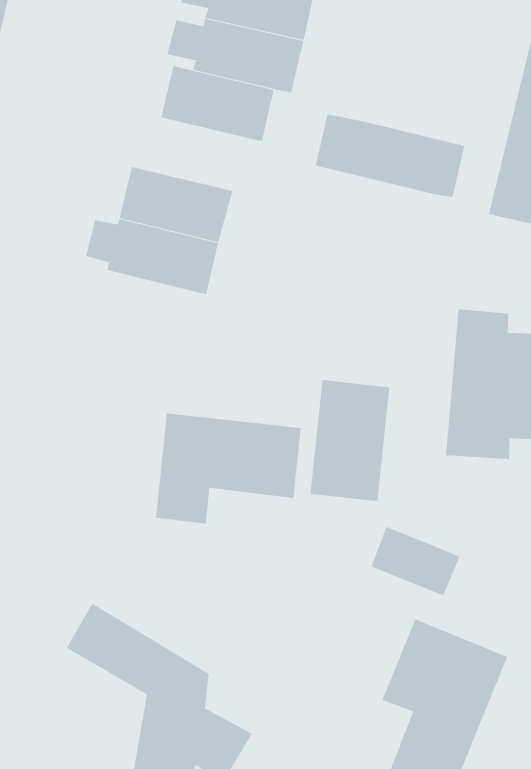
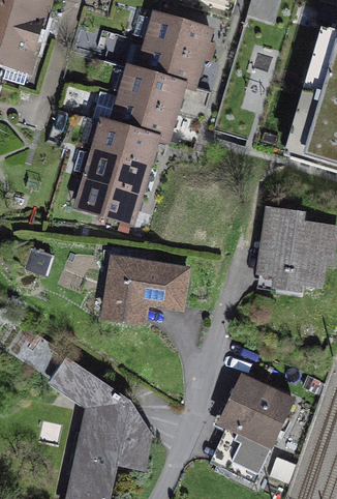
building: [315,114,465,198] -> [92,90,175,140]
building: none -> [78,177,140,222]
building: [310,379,390,502] -> none
building: [371,526,460,596] -> none

